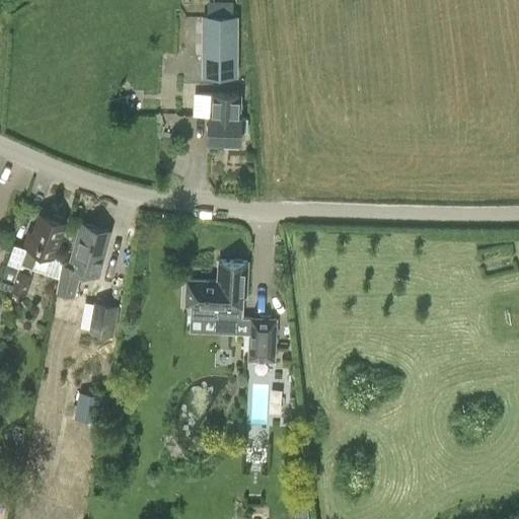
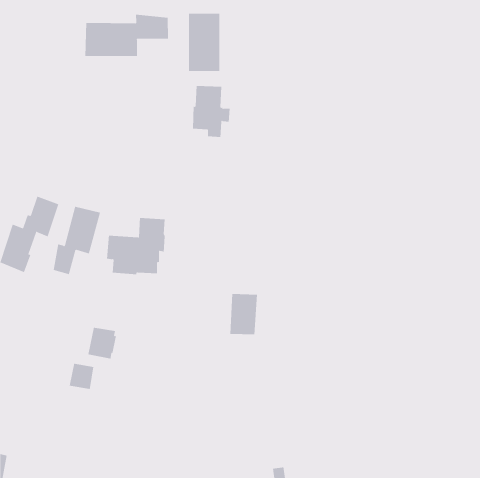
building: none -> [85,14,168,57]
building: [183,262,247,323] -> [106,217,165,275]
building: [88,304,120,339] -> [88,327,117,359]

